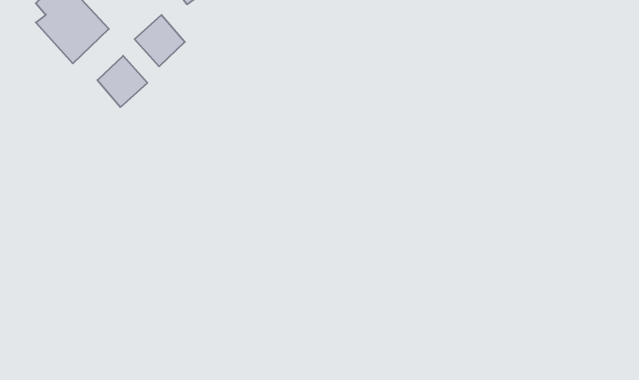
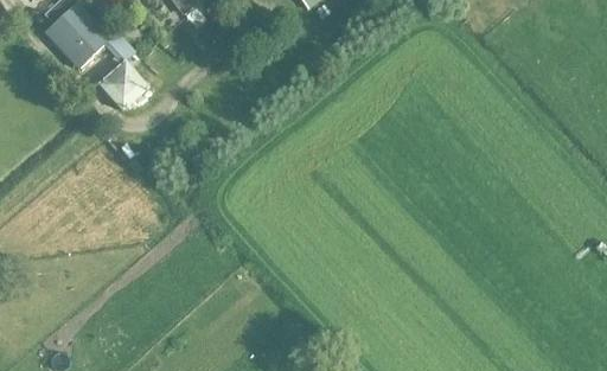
building: [135,15,185,66] -> none

